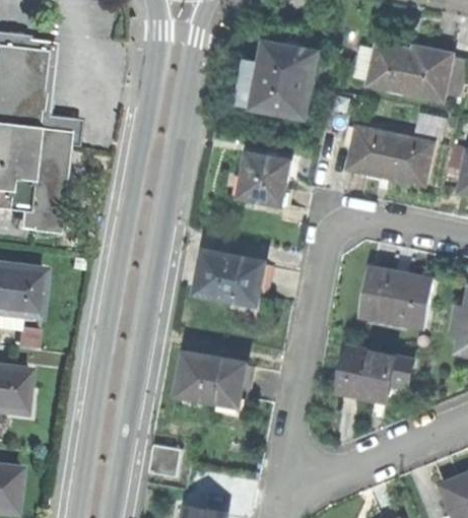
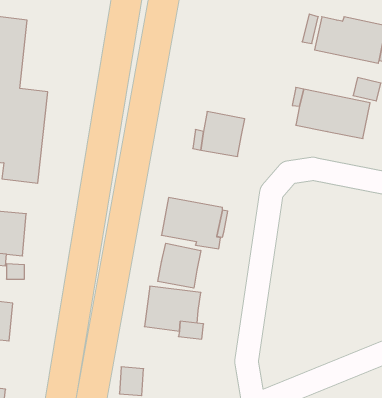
building: [237,43,318,117] -> none
building: [361,268,432,328] -> none
building: none -> [158,243,201,288]
building: [339,346,413,401] -> none

